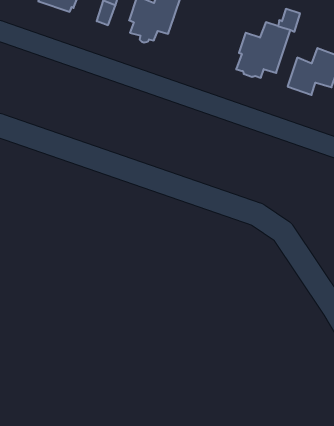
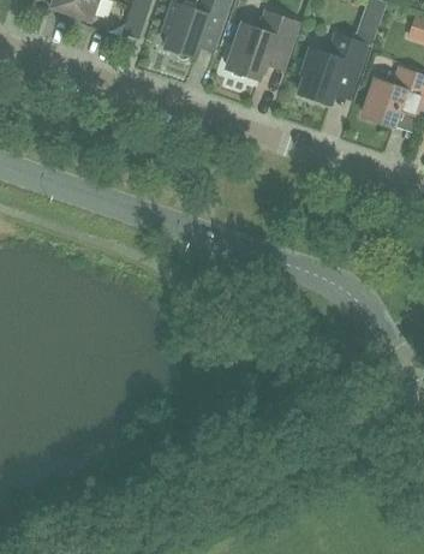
building: none -> [226,11,298,79]

